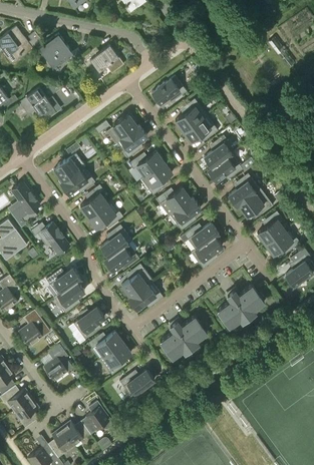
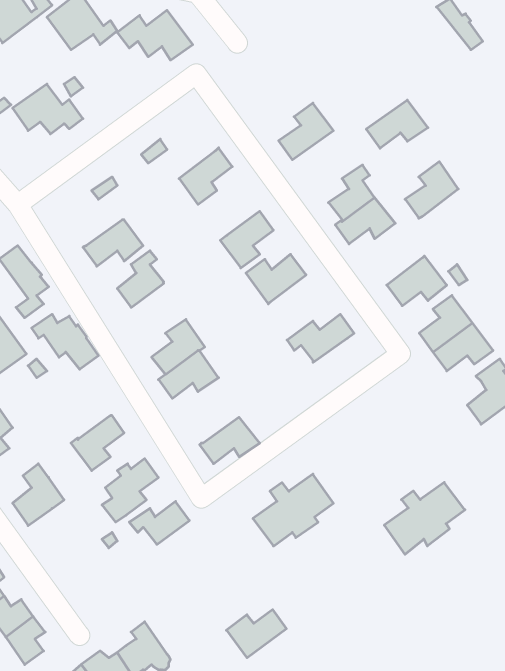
building: [151,76,187,104] -> none
building: [106,115,137,144] -> none
building: [183,115,219,143] -> [366,100,428,148]
building: [132,151,164,176] -> none
building: [53,154,85,182] -> none
building: [228,173,259,206] -> [405,162,458,218]
building: [170,198,201,231] -> none
building: [88,200,123,229] -> none
building: [191,237,222,269] -> none
building: [121,265,152,298] -> none
building: [46,268,81,296] -> none
building: [217,286,264,328] -> [384,482,465,554]
building: [99,343,130,376] -> none
building: [44,344,72,381] -> none
building: [119,370,154,398] -> [226,610,286,658]

